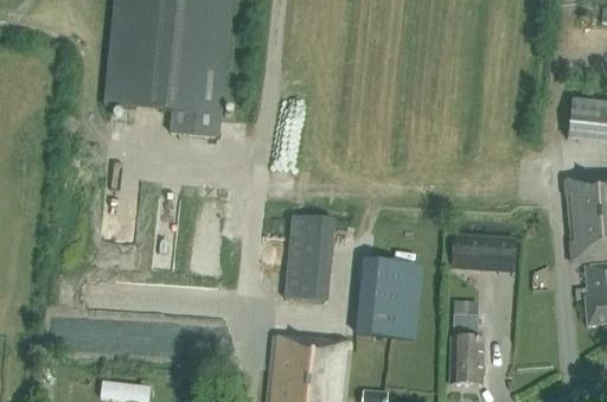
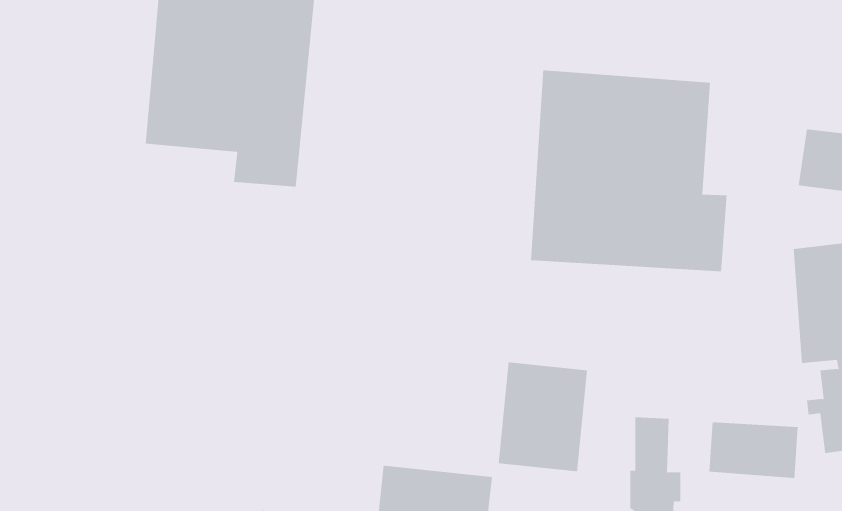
building: none -> [530,70,727,272]
building: [289,211,338,296] -> none
building: [452,232,516,273] -> [709,422,799,478]

